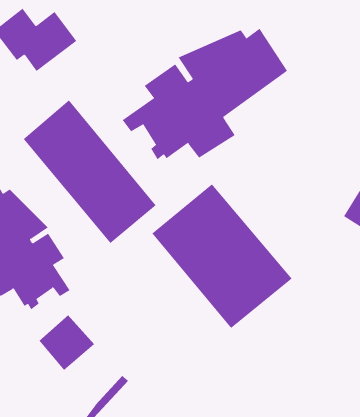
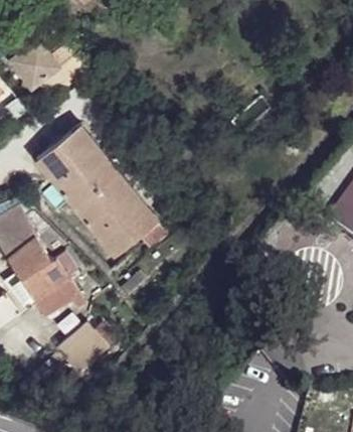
building: [122,28,288,160] -> none
building: [152,183,292,329] -> none

